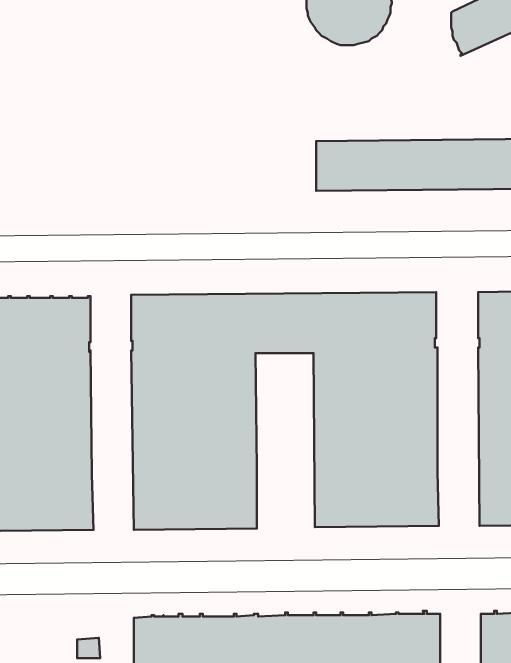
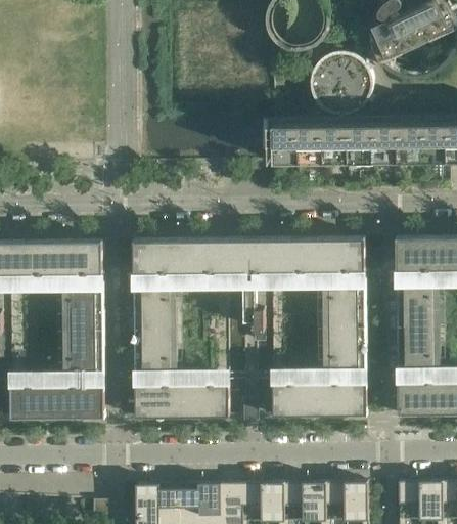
building: none -> [310,52,374,116]
building: none -> [236,285,265,418]

